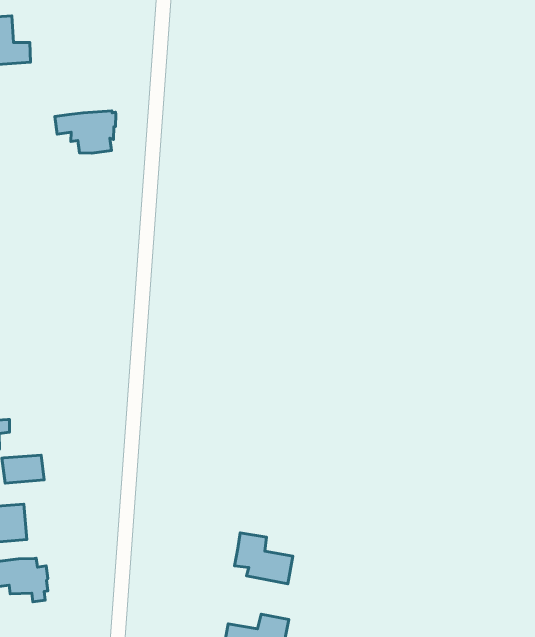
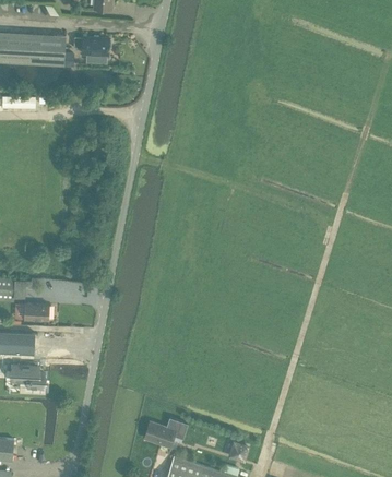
building: [55,111,116,153] -> [73,37,110,62]
building: [235,533,293,584] -> none

